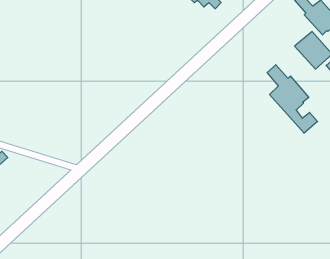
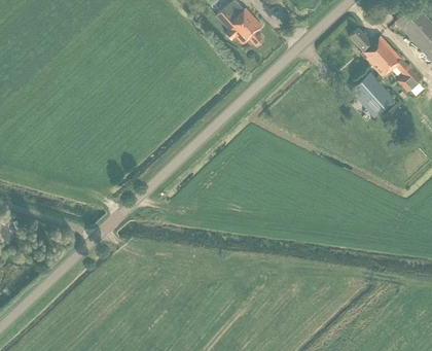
building: [267,65,318,133] -> none

